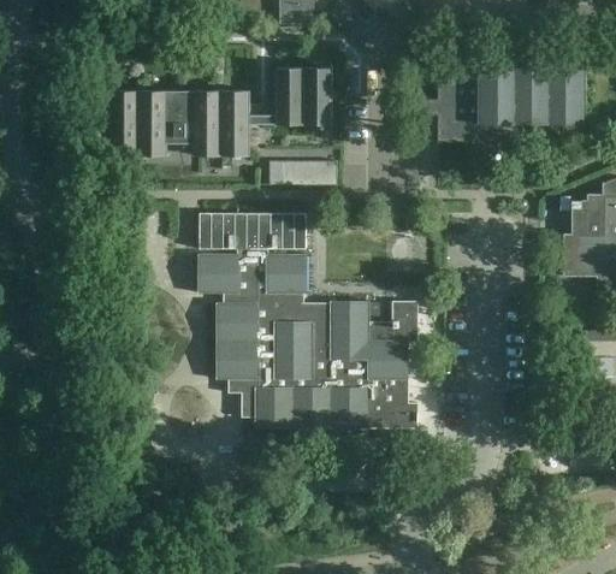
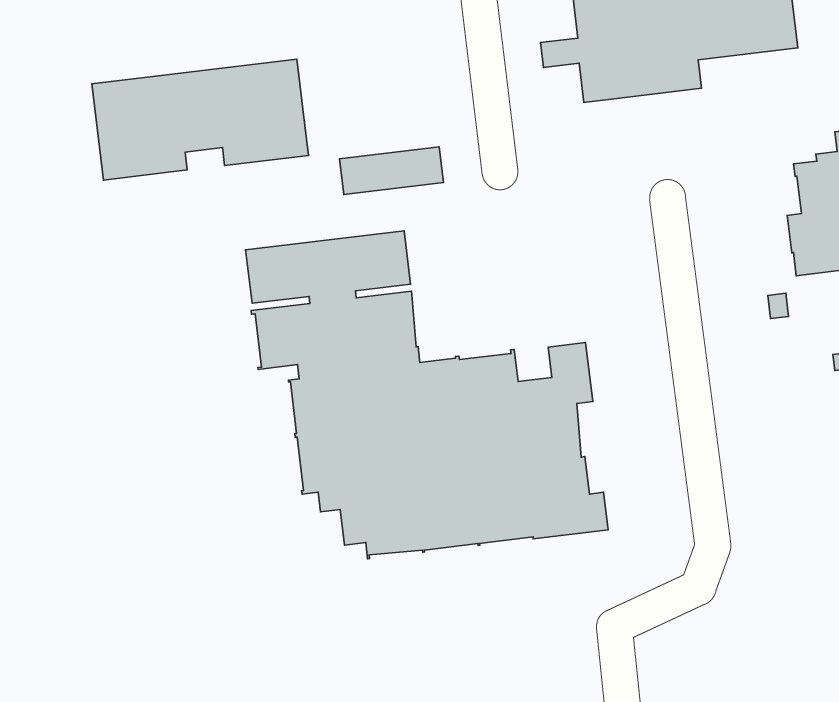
building: [249,67,332,124] -> none

